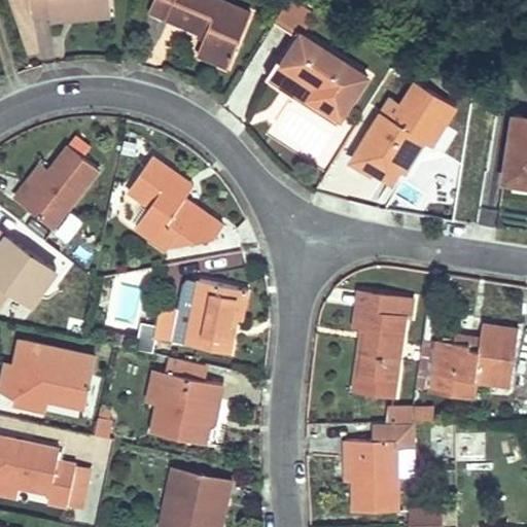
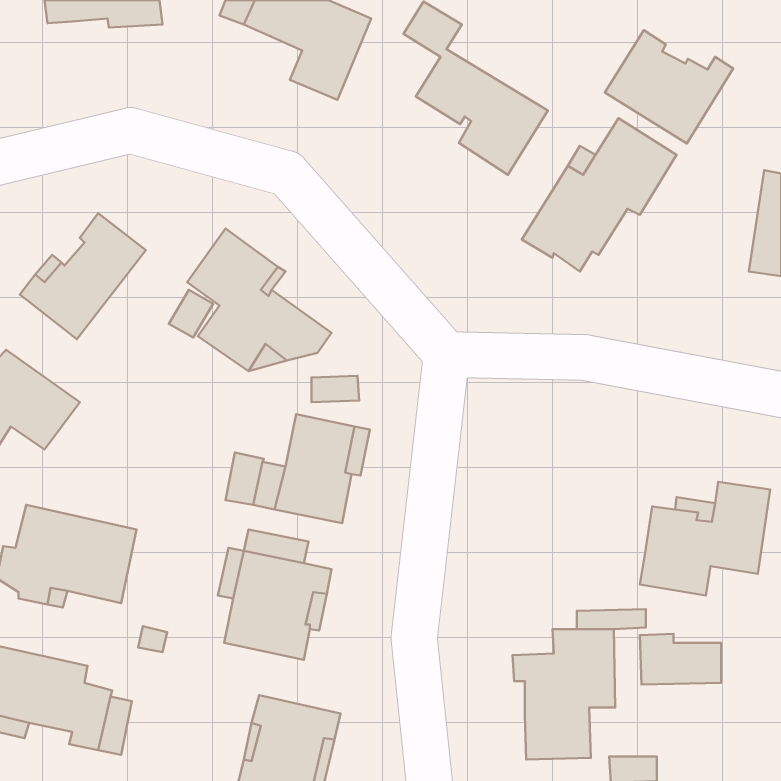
building: none -> [605,30,733,144]
building: [269,67,341,125] -> none
building: [355,293,405,398] -> none

